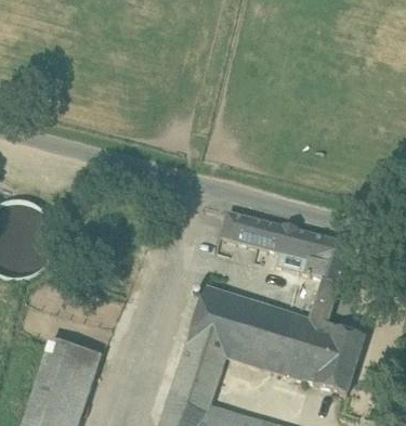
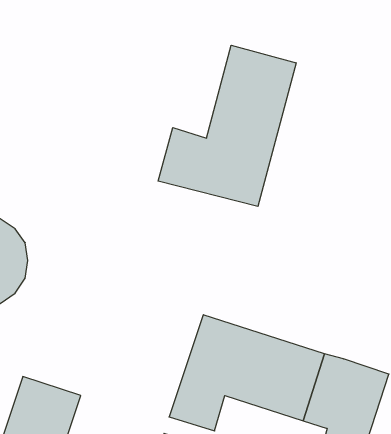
building: none -> [158,45,296,206]
building: [222,212,351,323] -> none

